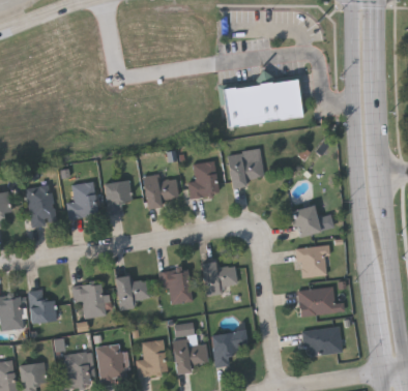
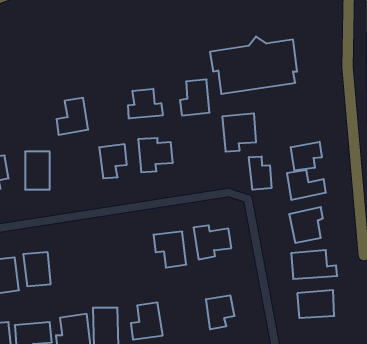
building: none -> [128,89,163,119]
building: [187,160,217,197] -> [180,79,210,115]
building: none -> [291,142,322,171]
building: [66,181,98,218] -> [56,98,88,135]
building: none -> [249,156,271,190]
building: [116,275,149,303] -> none
building: [72,283,105,317] -> none
building: [172,333,208,371] -> none

